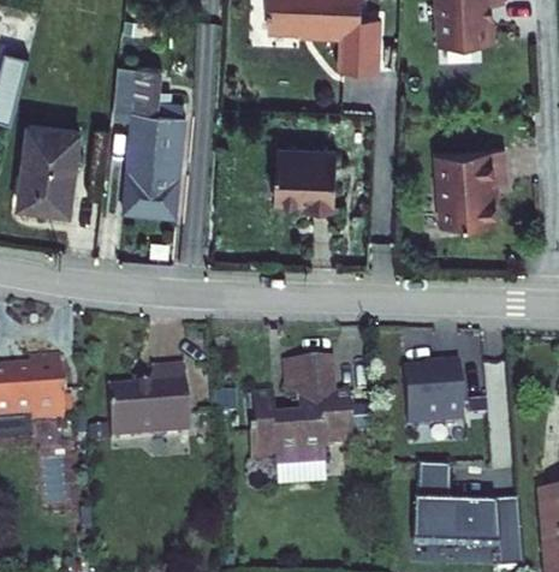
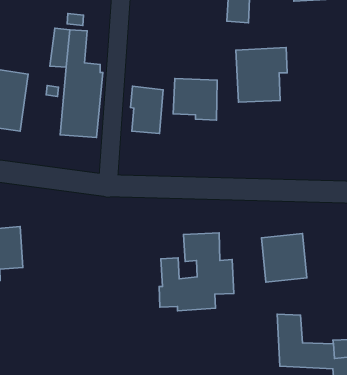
building: [436,141,507,216] -> [236,48,287,102]
building: none -> [130,86,163,133]
building: [114,361,197,435] -> none

